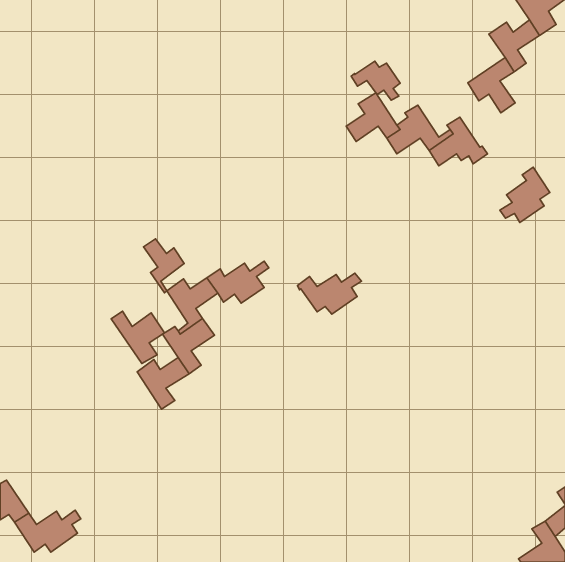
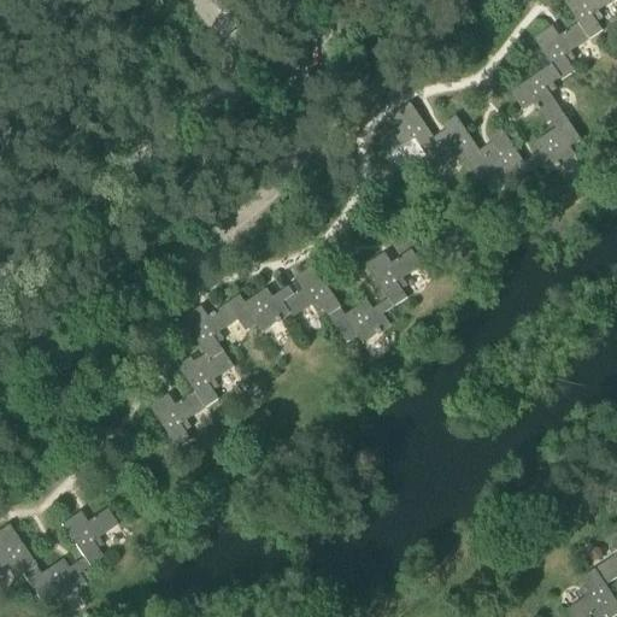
building: [351,61,400,100] -> none
building: [500,167,550,222] -> [525,112,580,172]
building: none -> [365,248,422,306]
building: [144,239,184,293] -> none
building: none -> [280,264,337,317]
building: [111,311,165,364] -> none
building: none -> [59,506,117,565]

